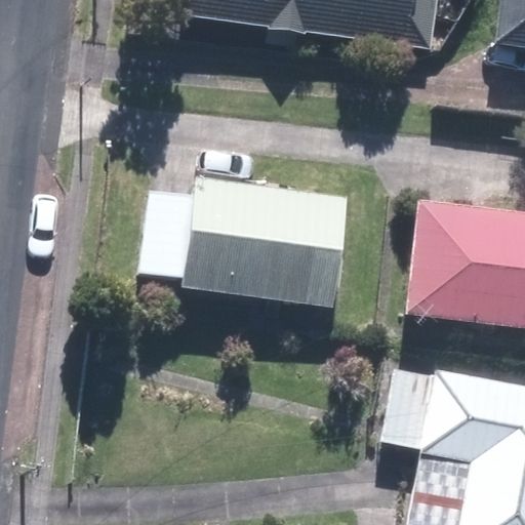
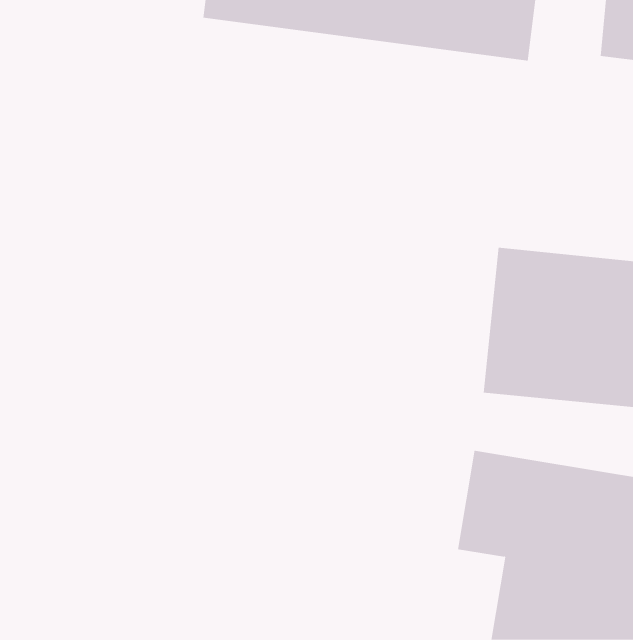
building: [140,178,351,307] -> none

